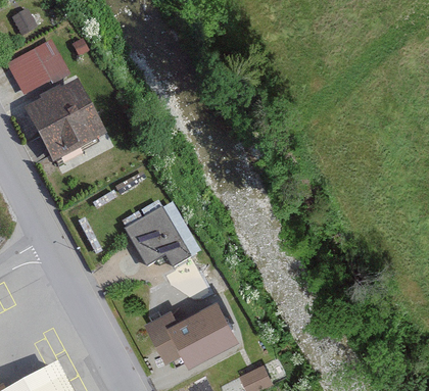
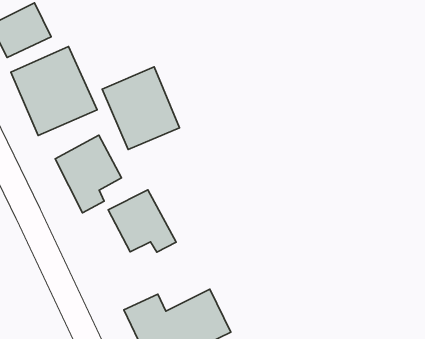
building: none -> [102,67,180,149]
building: none -> [55,135,121,213]

